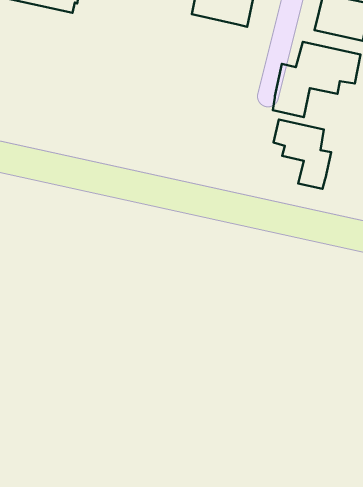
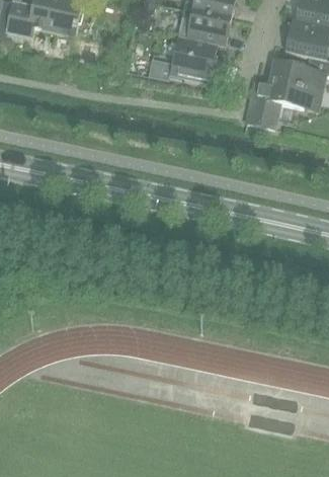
building: none -> [168,36,221,86]
building: [273,120,331,189] -> none

